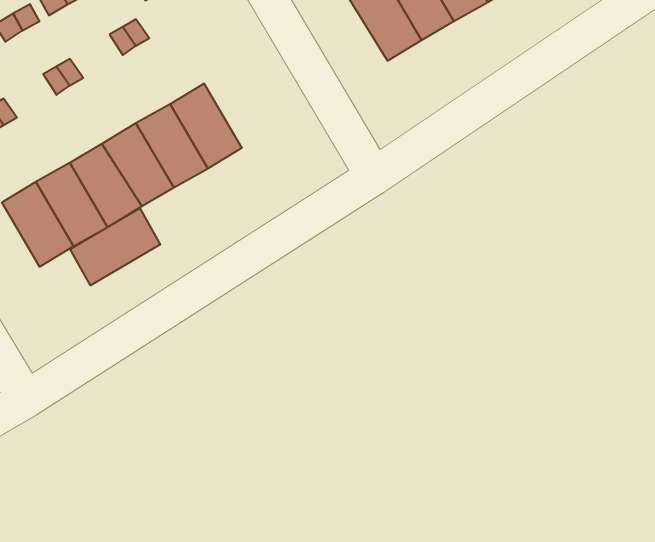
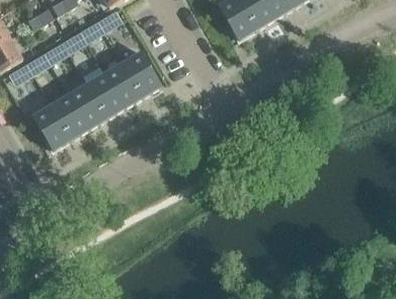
building: [70,208,160,285] -> none

